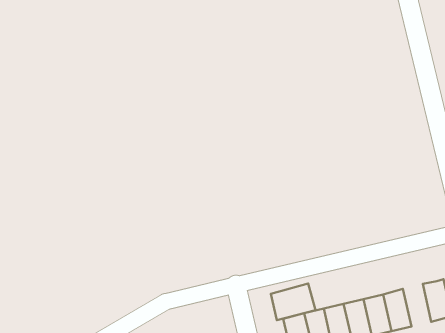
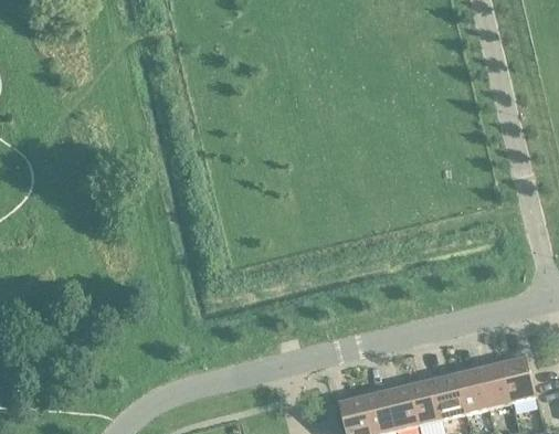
building: [271,283,316,320] -> none
building: none -> [478,360,511,410]

